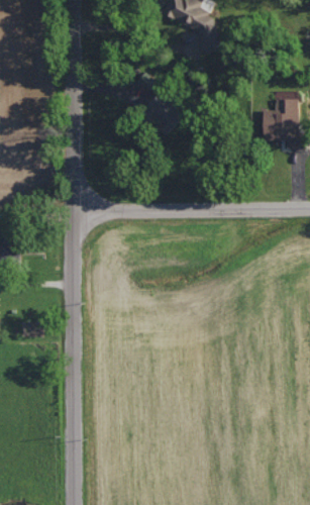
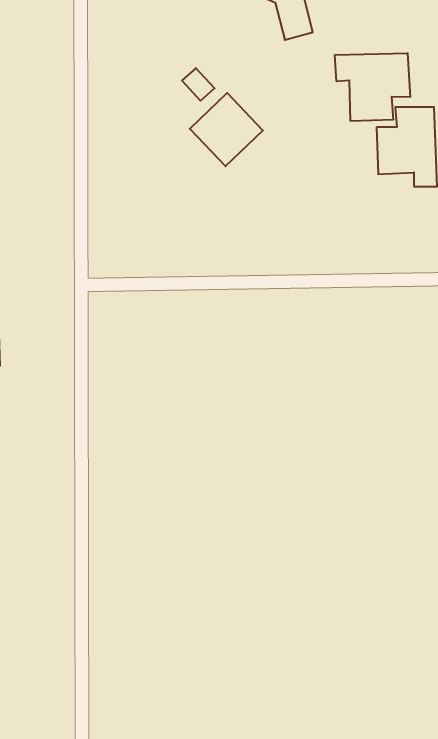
building: none -> [335,53,410,121]

